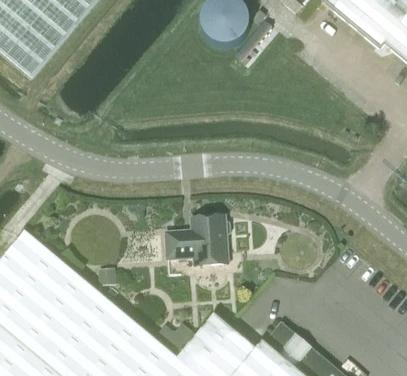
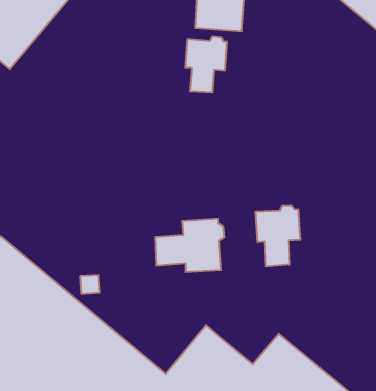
building: none -> [185,36,227,93]
building: none -> [256,205,300,266]

